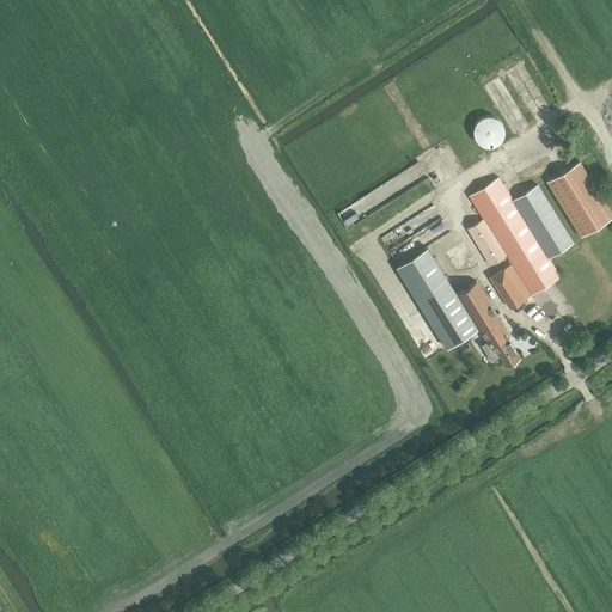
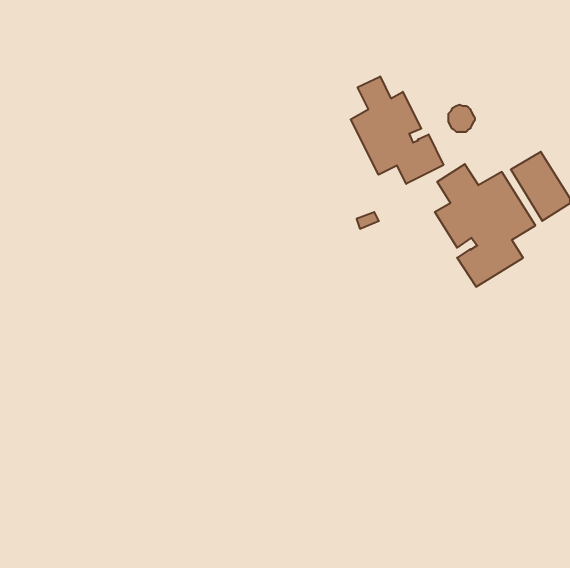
building: none -> [351,76,443,184]
building: [396,249,519,368] -> none

